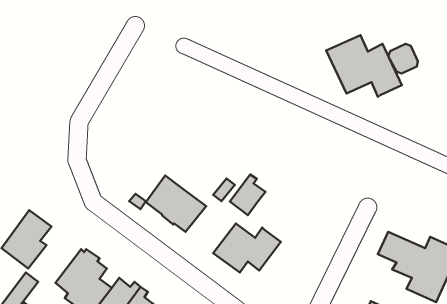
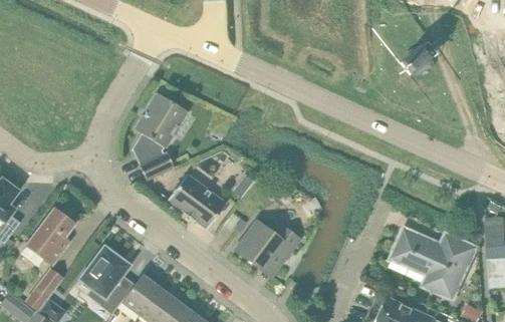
building: [326,35,402,97] -> none
building: none -> [132,93,186,180]
building: [230,175,265,215] -> none

